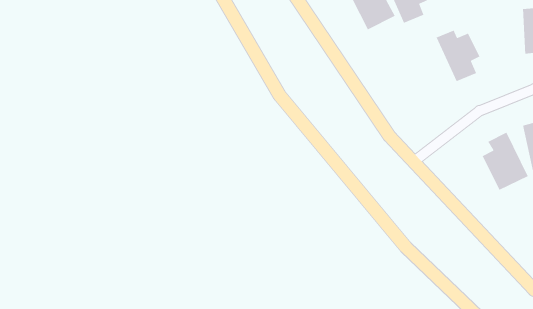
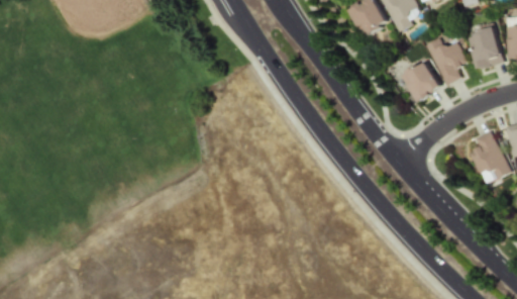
building: none -> [466,26,505,71]
building: none -> [399,59,442,103]

